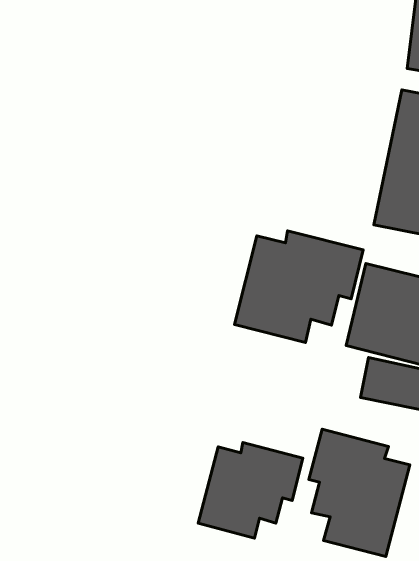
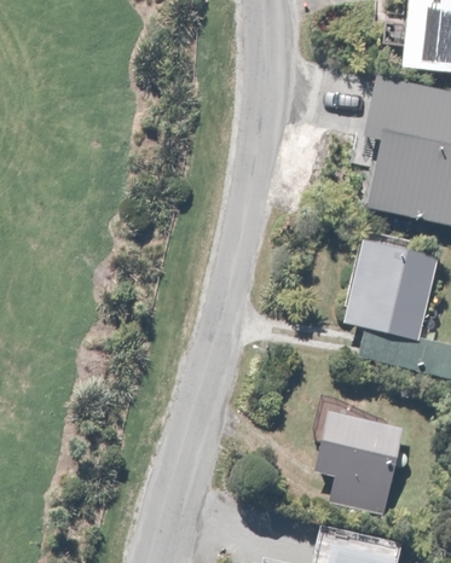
building: [234,231,363,343] -> none
building: [198,443,303,538] -> none

